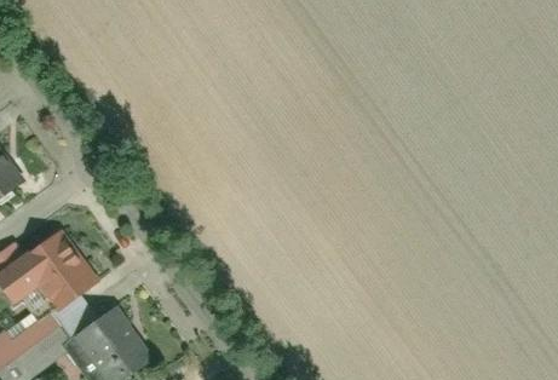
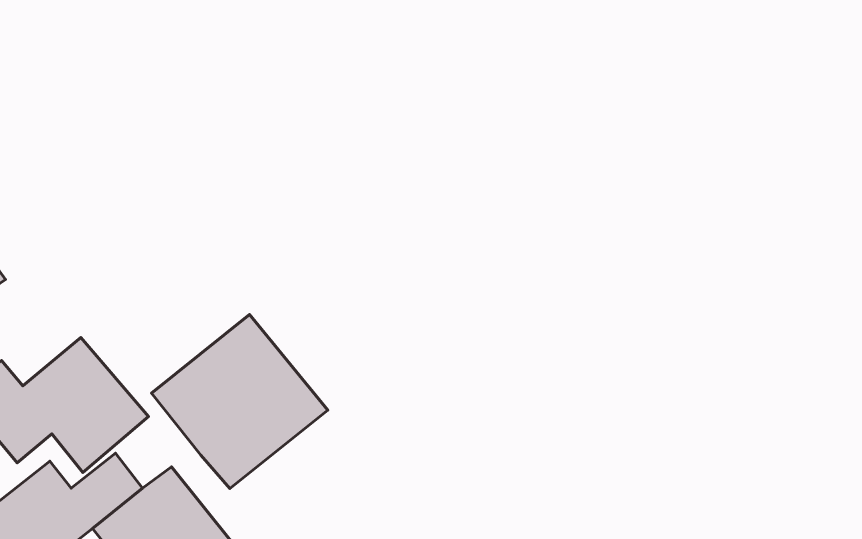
building: none -> [152,315,328,489]

